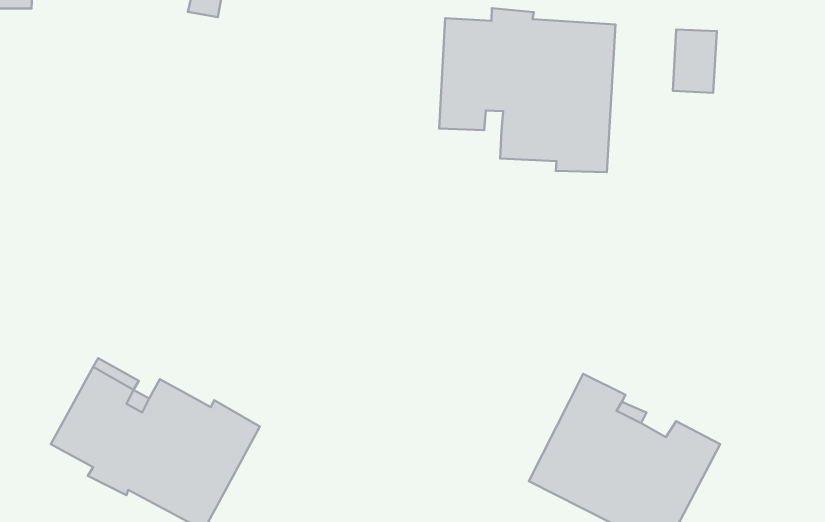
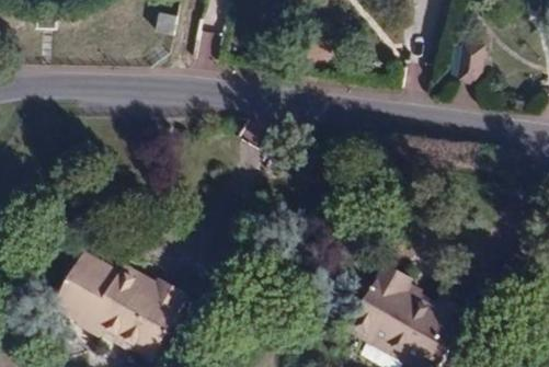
building: [439,8,615,172] -> none

